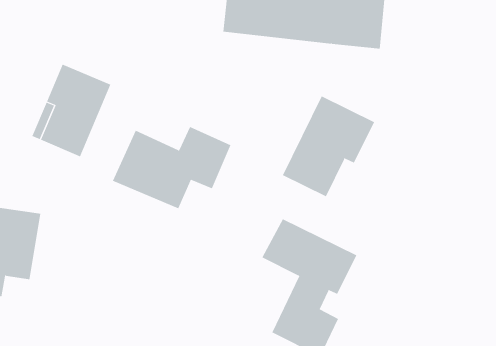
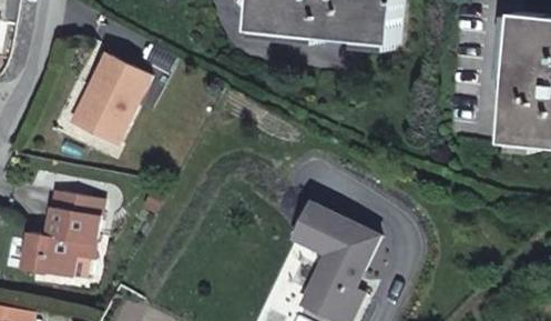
building: [282,96,375,197] -> none
building: [112,126,231,209] -> none

